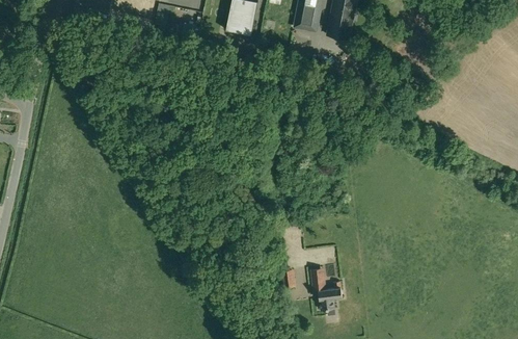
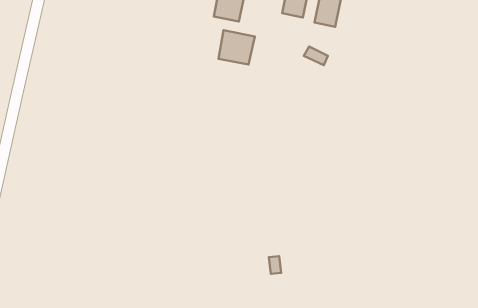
building: none -> [219,30,255,65]
building: [310,266,343,309] -> none

